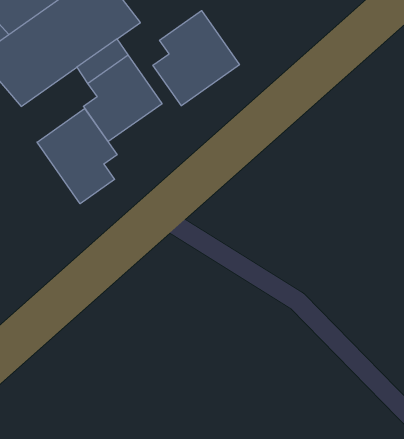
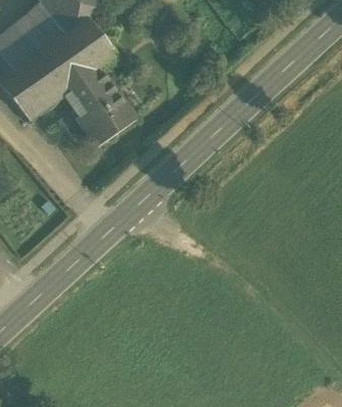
building: [153,11,239,106] -> none
building: [37,108,117,204] -> none

